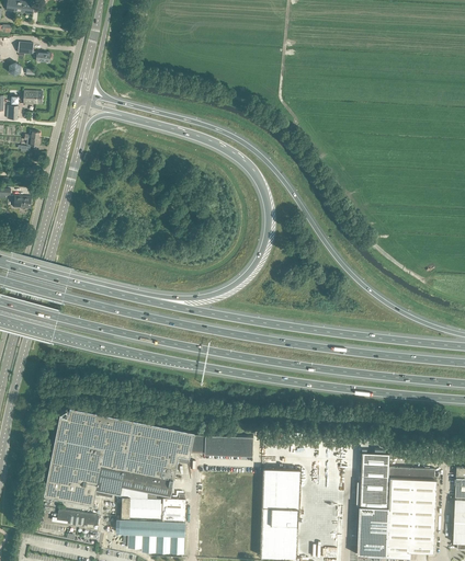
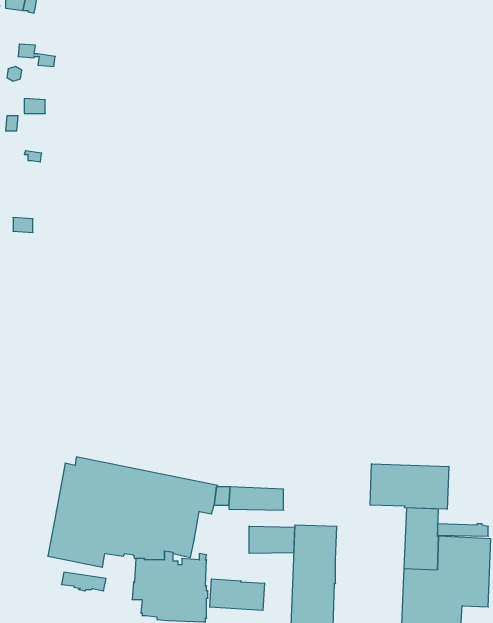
building: none -> [370,464,449,509]
building: none -> [249,526,295,553]
building: none -> [210,579,265,610]

